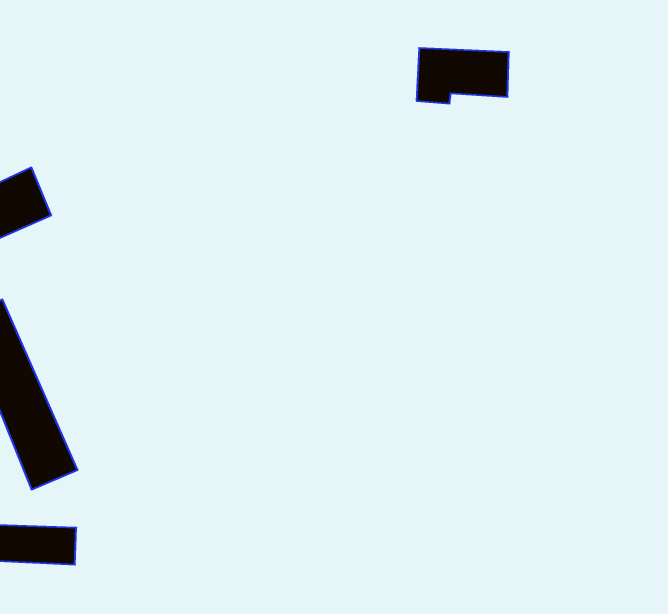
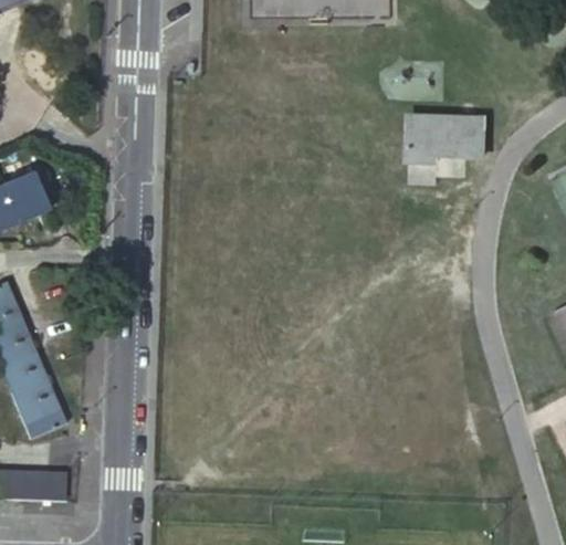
building: [417,48,509,104] -> [395,118,472,165]

